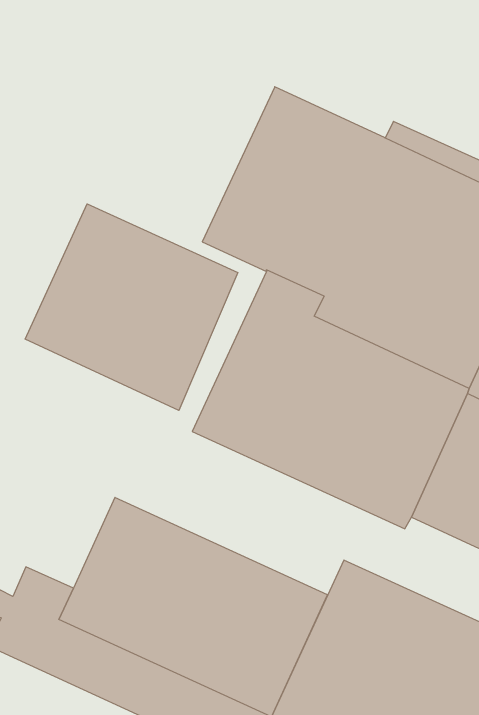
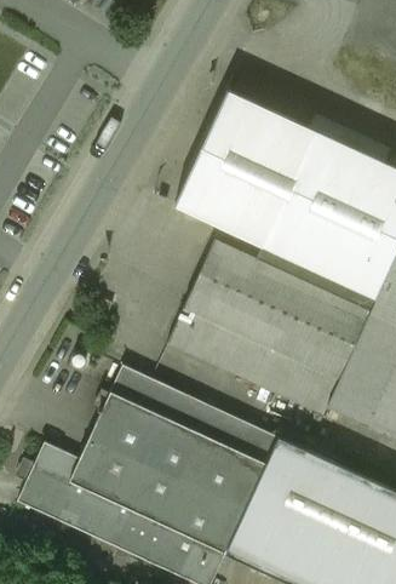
building: [25,204,238,410] -> none
building: none -> [109,365,277,463]

